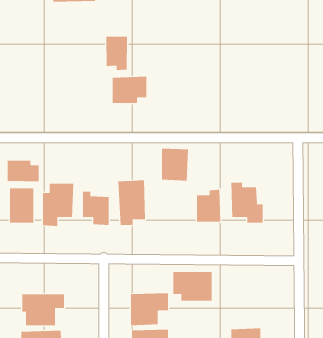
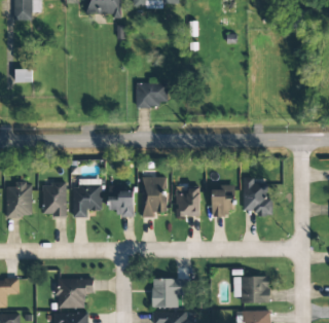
building: [106,36,128,71] -> none
building: [161,148,189,181] -> [176,187,200,217]
building: [7,160,39,182] -> none
building: [173,272,213,301] -> [233,276,269,302]

